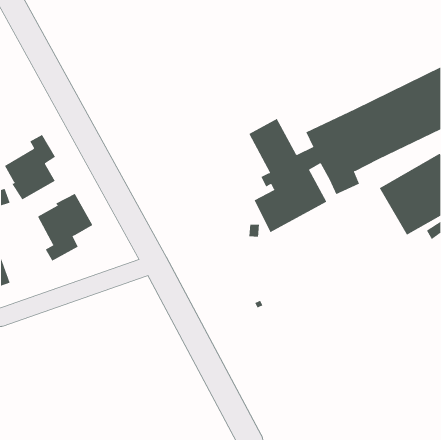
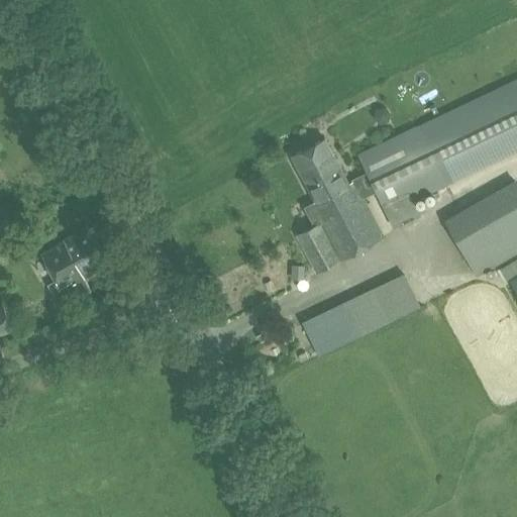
building: [4,134,56,200] -> none
building: none -> [301,273,421,357]

